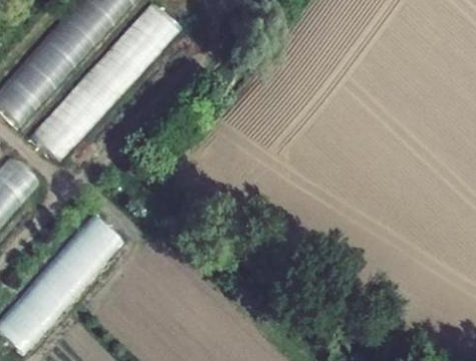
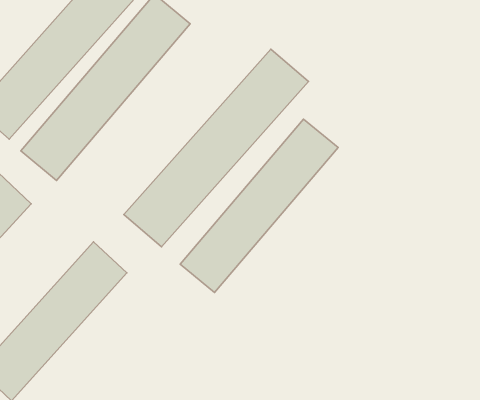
building: none -> [124,49,309,247]
building: none -> [180,119,338,293]

